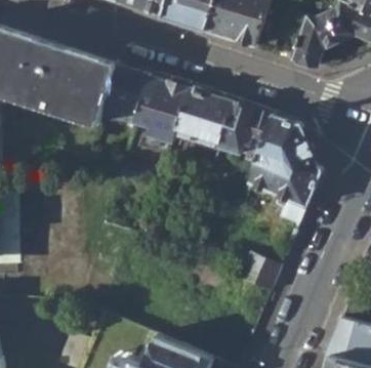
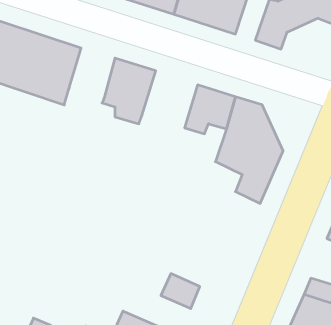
building: [100,65,148,116] -> none
building: [175,88,233,147] -> none
building: [240,254,280,290] -> [161,274,200,309]

